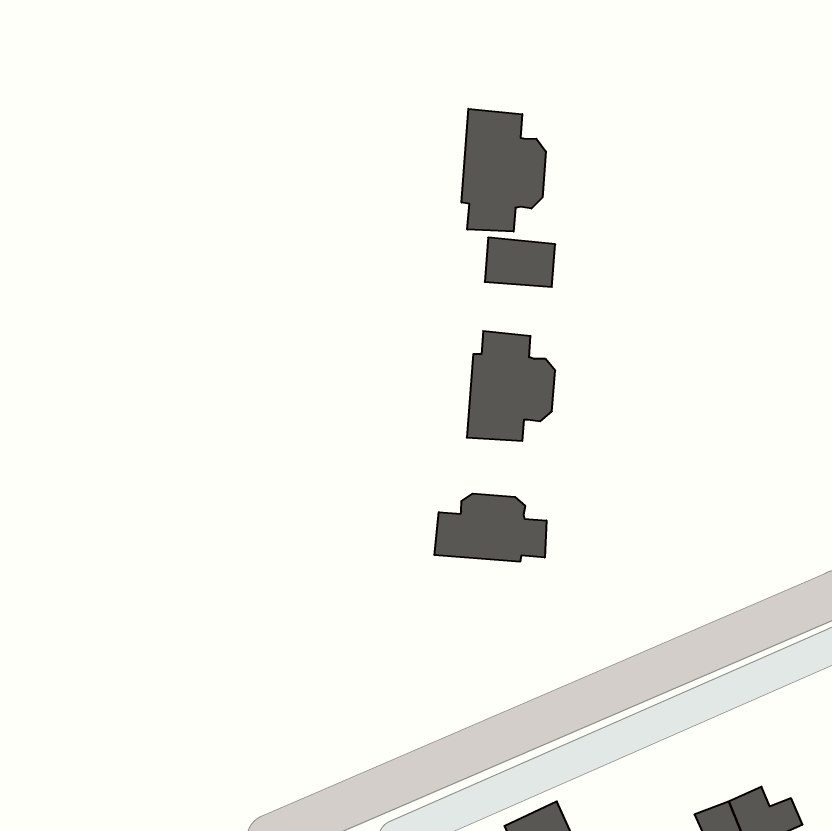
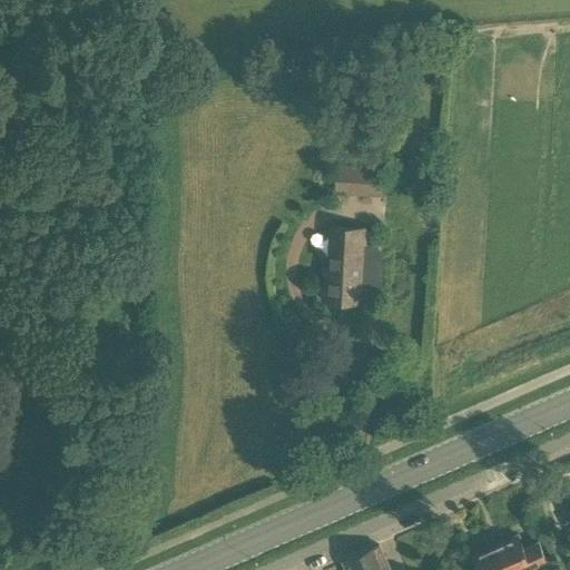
building: [462,109,546,232] -> none
building: [434,494,546,562] -> none

